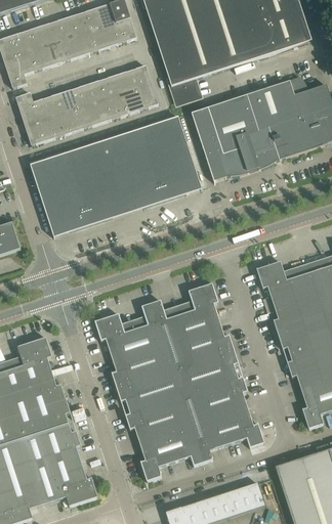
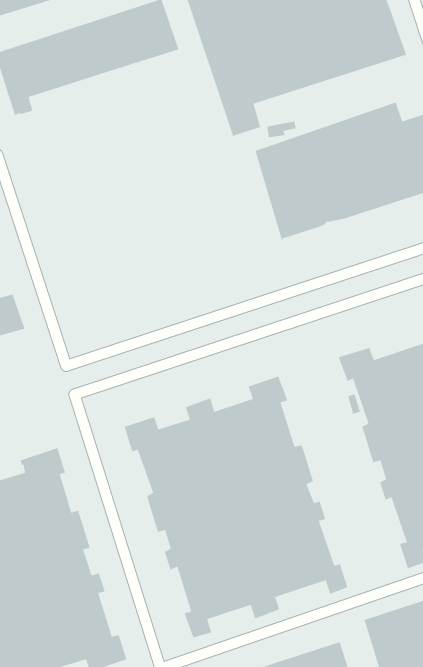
building: [15,66,158,145] -> none
building: [30,117,202,236] -> none

